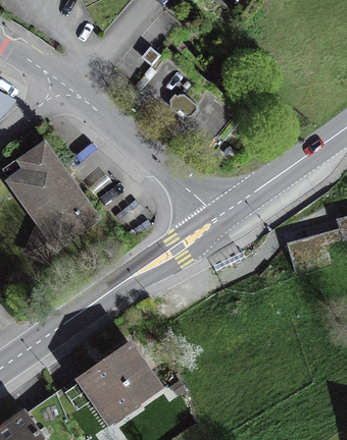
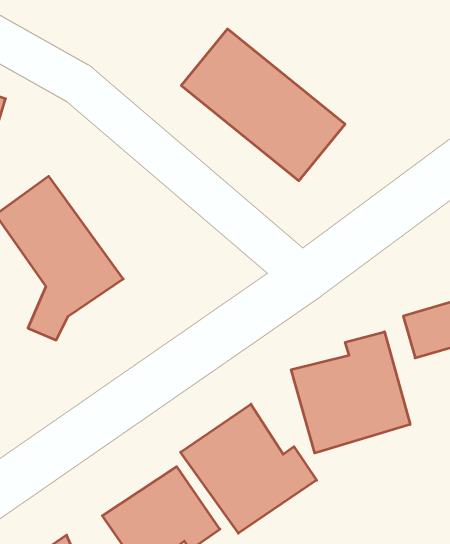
building: none -> [291,332,410,453]
building: none -> [181,404,317,533]

